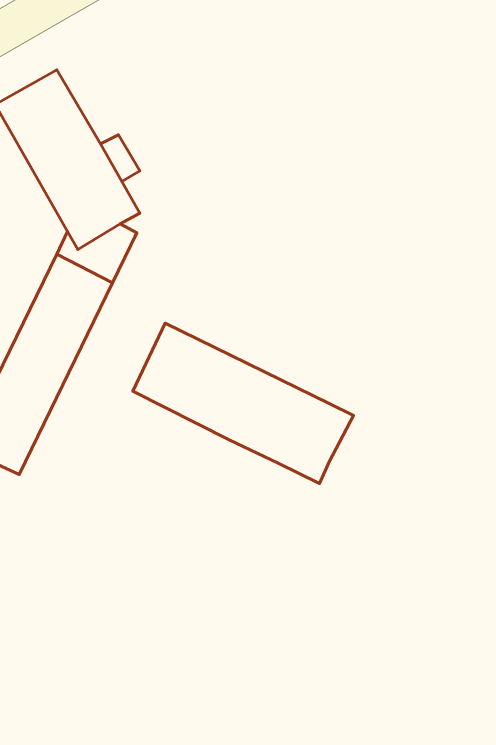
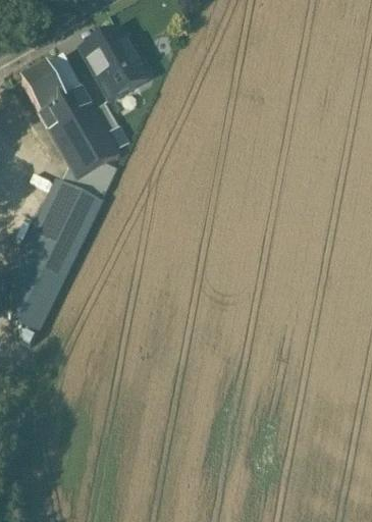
building: none -> [82,25,144,96]
building: [133,323,354,483] -> none

